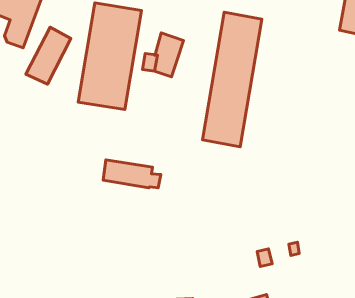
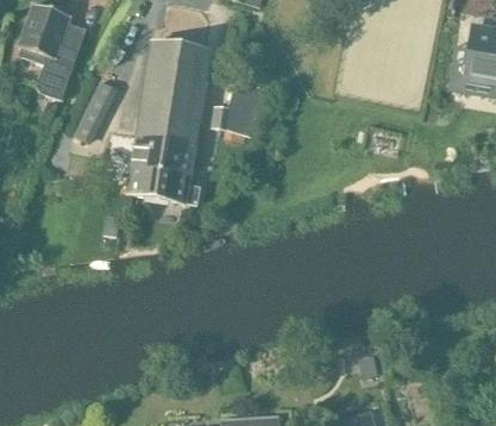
building: [203,12,262,147] -> none
building: [103,160,161,188] -> [126,168,200,203]

